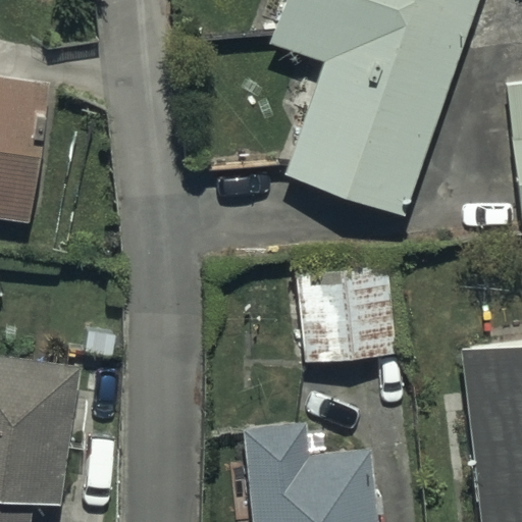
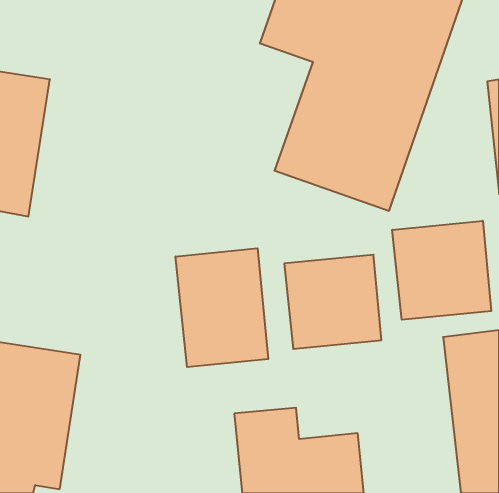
building: none -> [392,221,491,320]
building: none -> [176,248,268,367]

